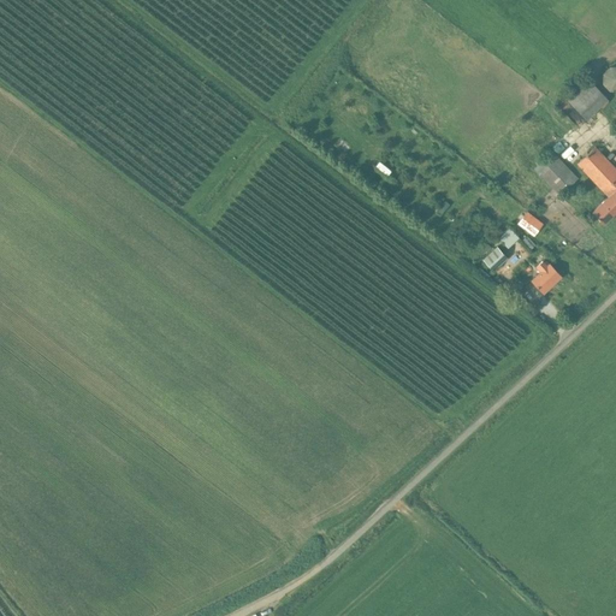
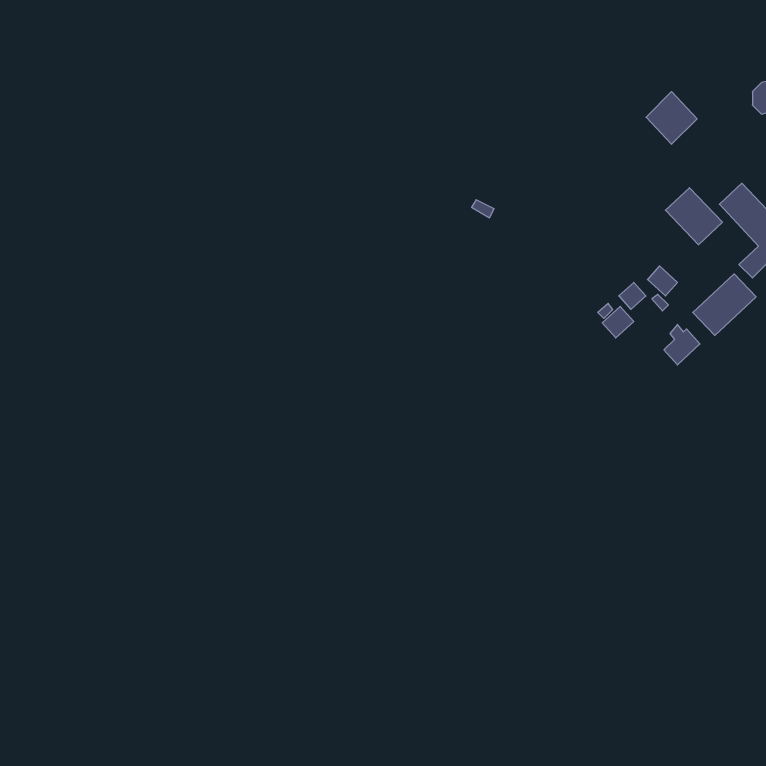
building: [568,78,609,120] -> [646,92,697,144]
building: none -> [693,274,756,335]

